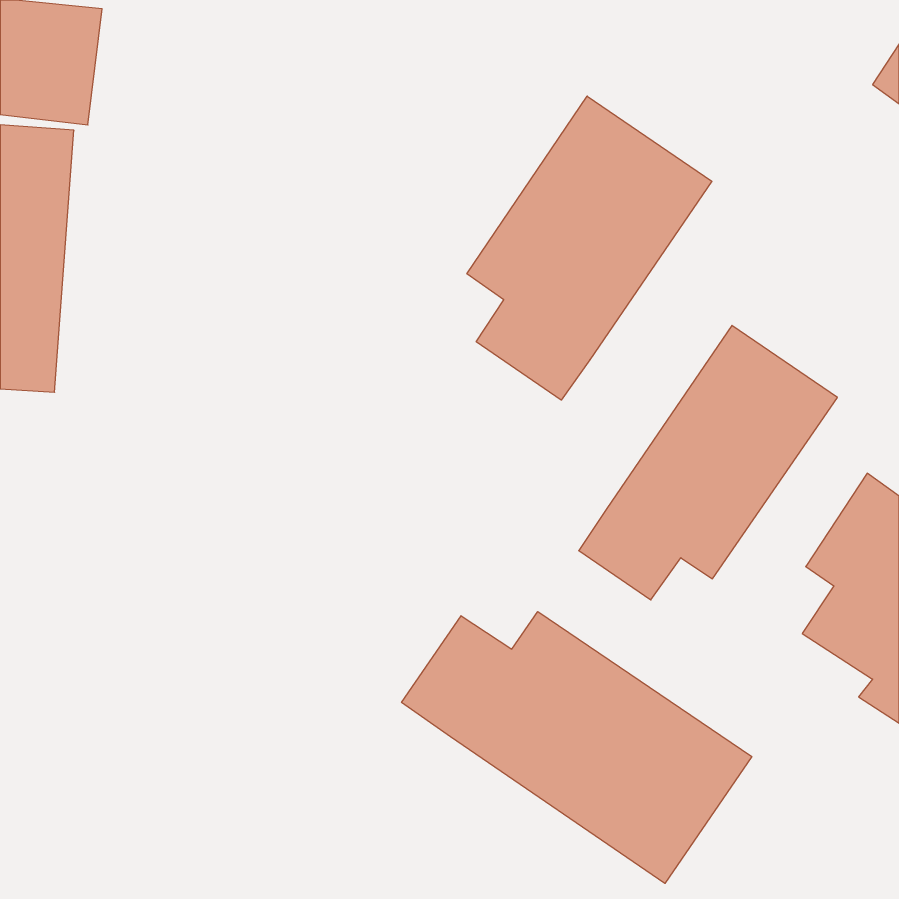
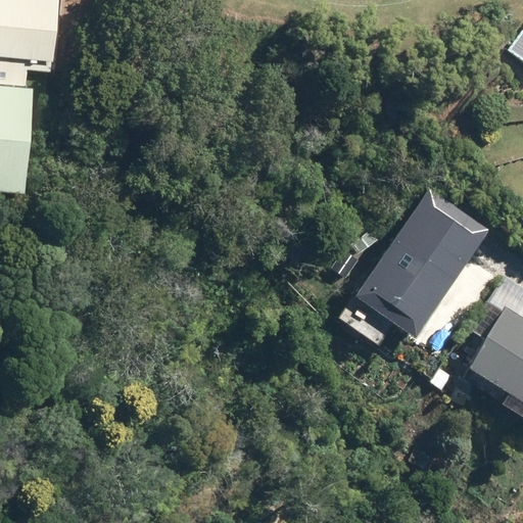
building: [467,96,712,400] -> none
building: [402,612,752,883] -> none

